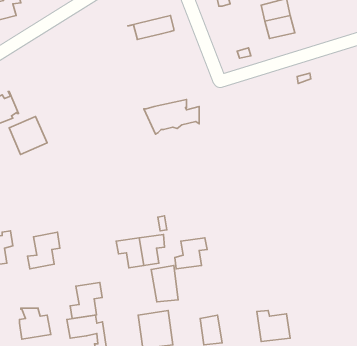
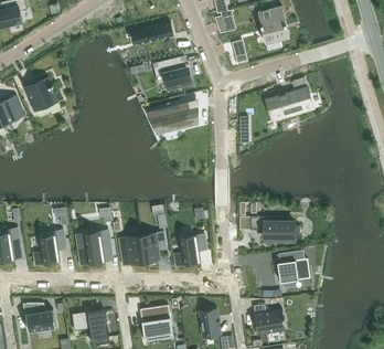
building: none -> [152,56,192,91]
building: none -> [265,87,312,118]
building: [9,116,47,154] -> [22,76,58,113]
building: none -> [250,216,299,241]
building: none -> [277,260,309,282]
building: [151,266,178,302] -> none
building: [70,283,102,318] -> [78,231,109,265]

